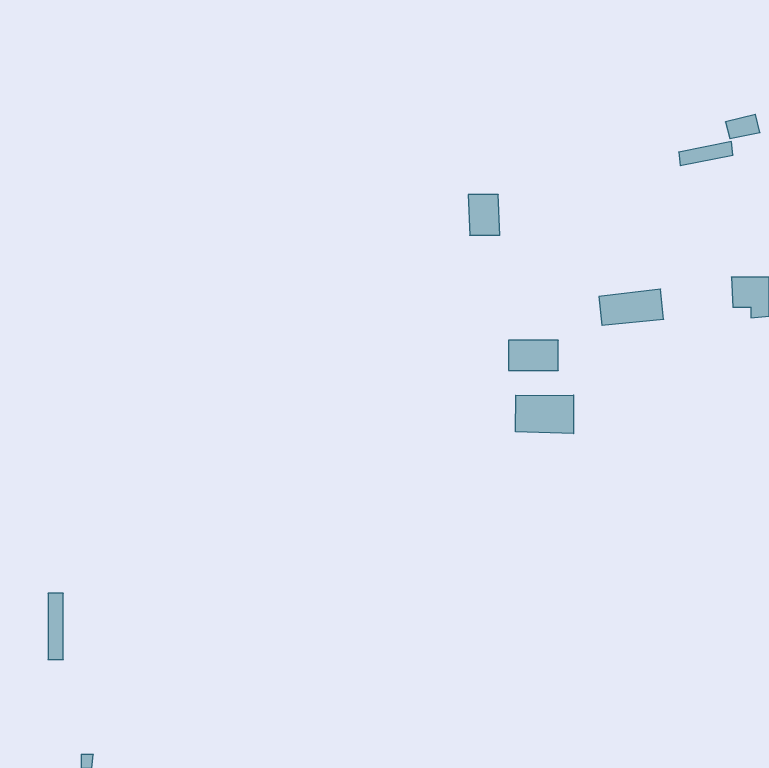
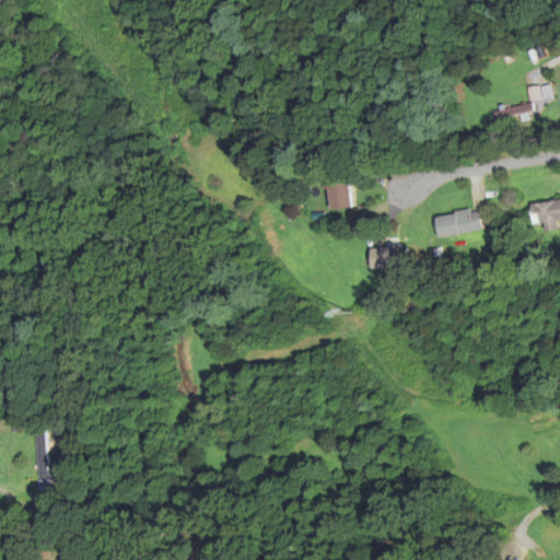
building: [468,195,500,235] -> [327,179,350,209]
building: [516,395,574,434] -> none

